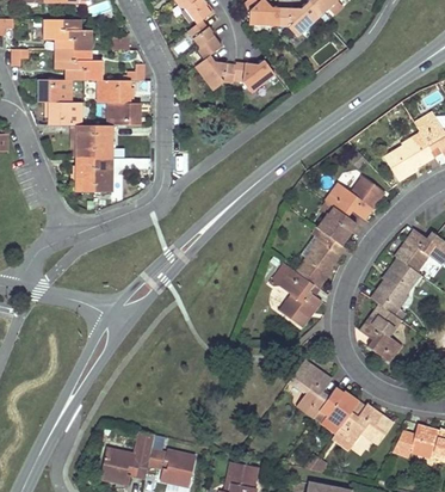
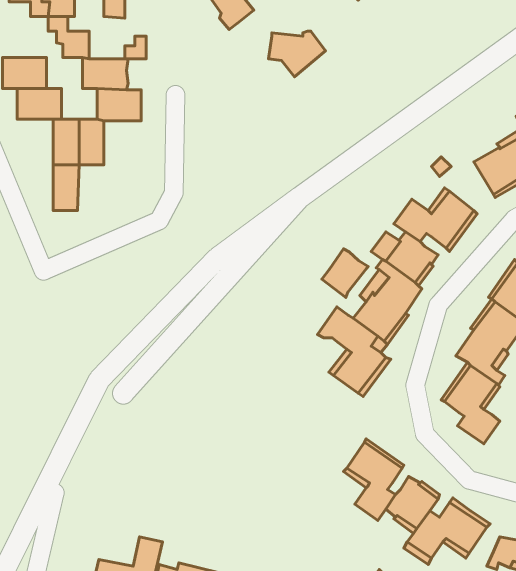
building: [54,49,82,79] -> none
building: [194,54,235,90] -> none
building: [93,158,112,192] -> none
building: none -> [322,249,368,298]

